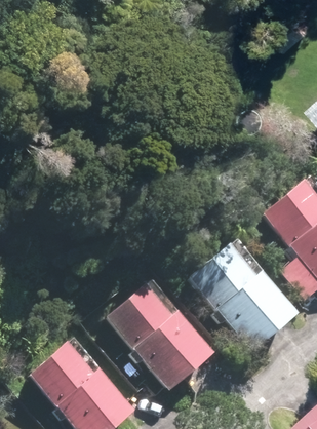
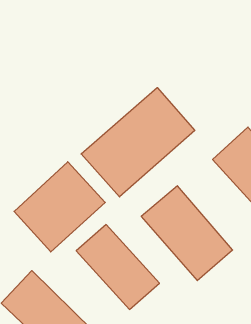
building: none -> [81,88,195,197]
building: none -> [14,162,105,252]

